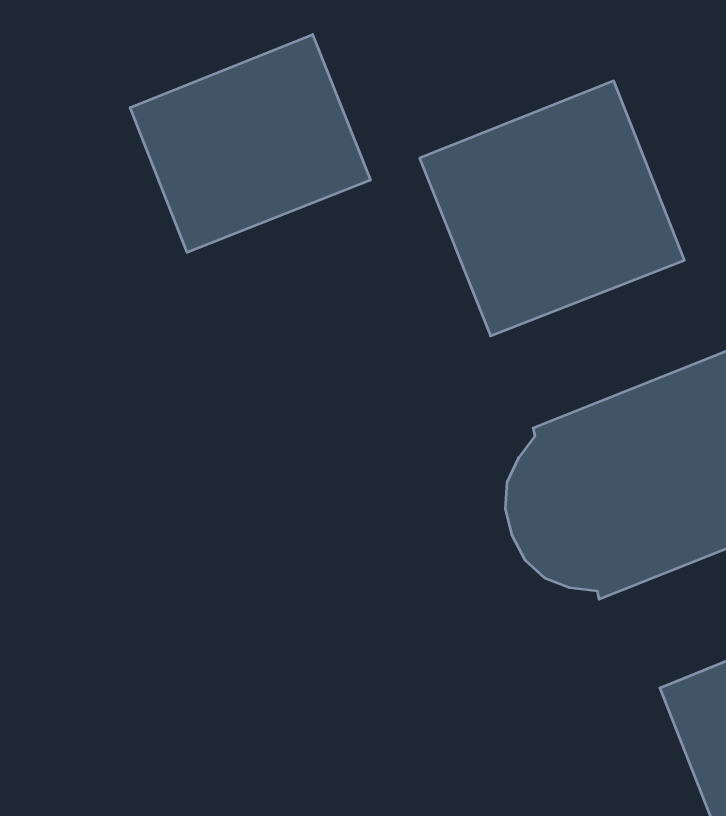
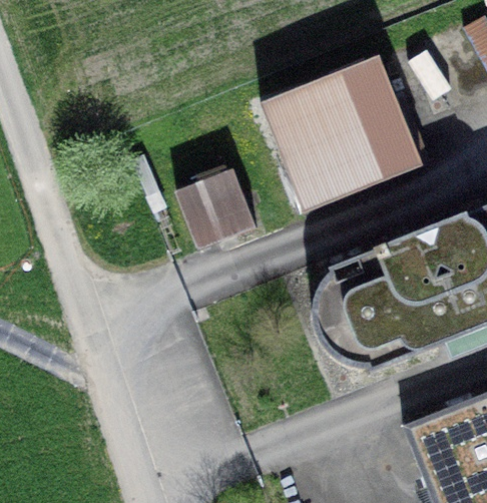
building: [130,34,370,252] -> none
building: none -> [176,167,258,248]

